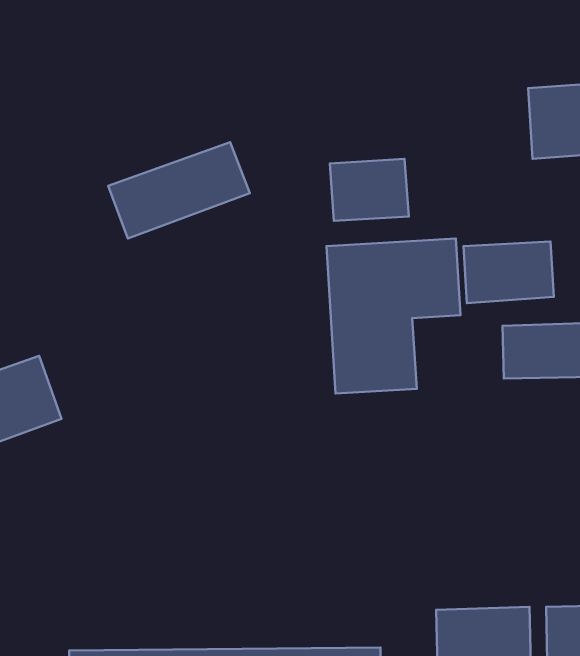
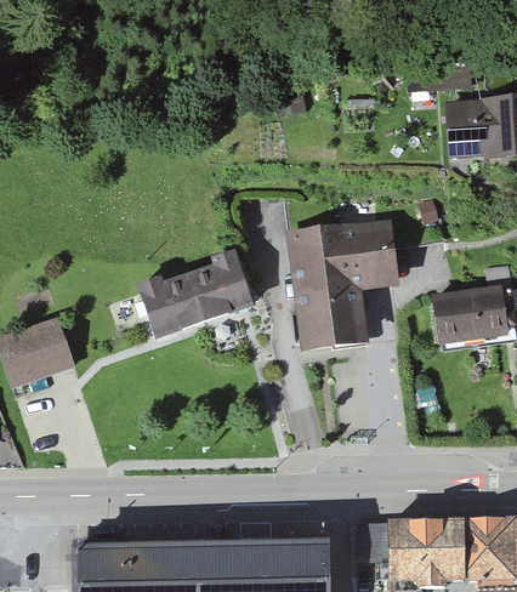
building: [108,142,250,238] -> [135,257,249,335]
building: [330,159,409,221] -> none
building: [464,241,554,303] -> none

